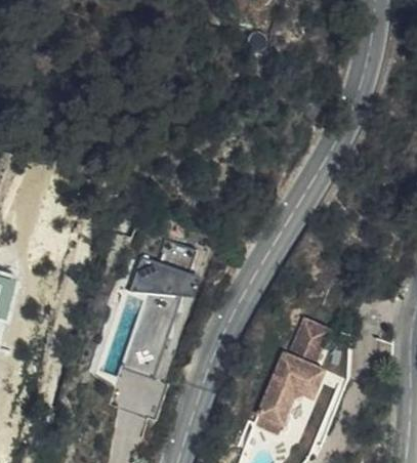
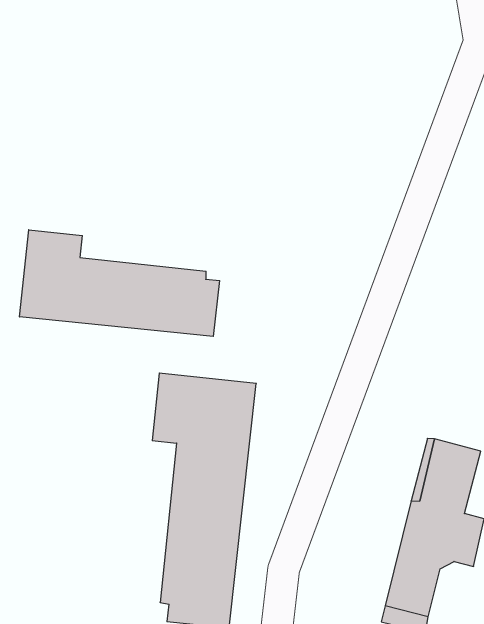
building: none -> [20,230,220,336]

